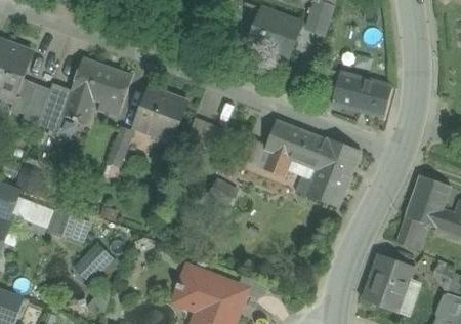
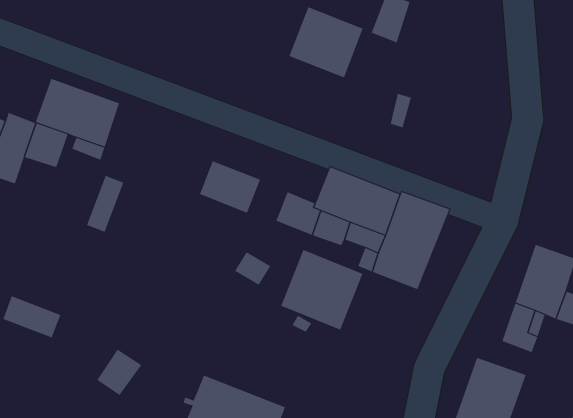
building: [331,73,389,117] -> none
building: [133,87,186,140] -> none
building: none -> [281,249,363,331]
building: [79,244,111,277] -> [97,349,142,396]

